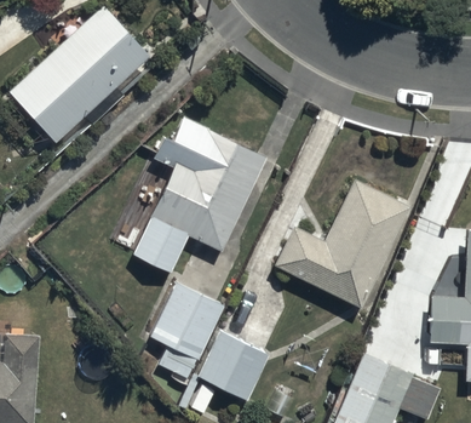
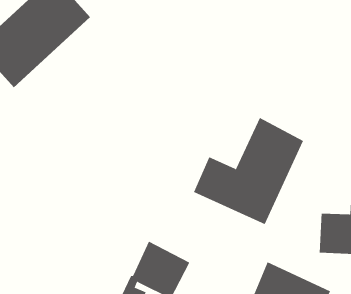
building: [134,118,282,273] -> none
building: [153,285,224,358] -> none

